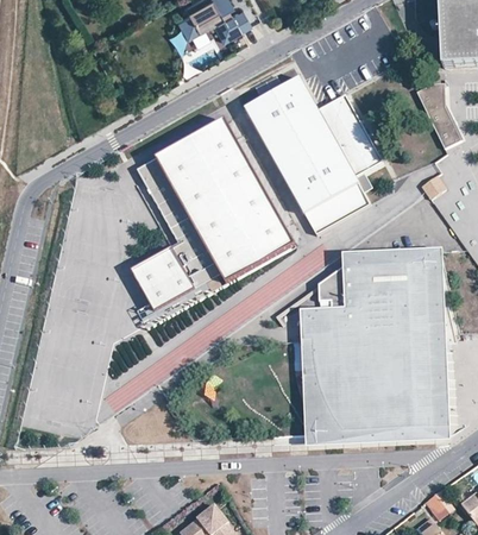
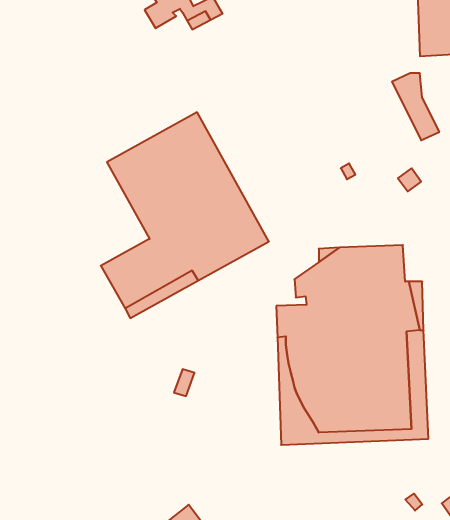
building: [245,77,380,233] -> none
building: [424,247,444,284] -> none

